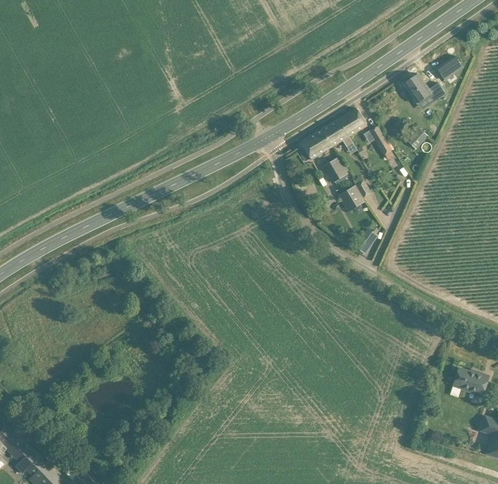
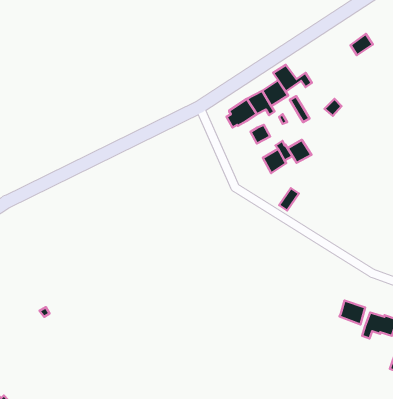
building: [402,74,445,104] -> [273,65,312,92]
building: none -> [288,140,311,163]
building: none -> [339,300,365,324]

